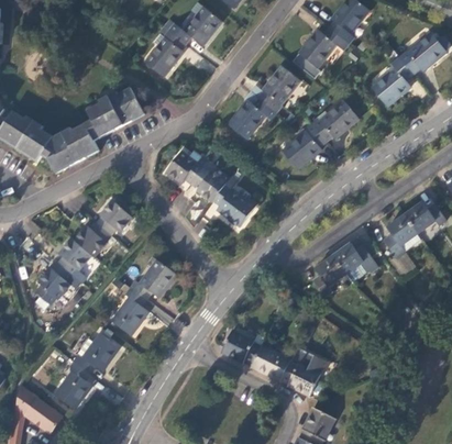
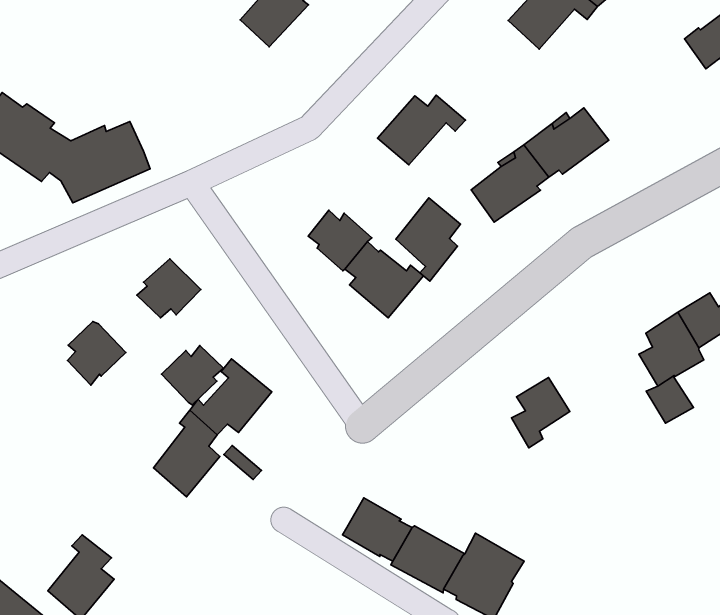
building: [372,57,412,107] -> none
building: [260,66,300,111] -> none
building: [86,87,144,140] -> none
building: [166,151,202,182] -> none
building: none -> [396,198,461,281]
building: [75,222,110,256] -> [161,345,223,405]
building: [333,243,375,274] -> none
building: [37,262,73,299] -> none
building: [73,332,120,373] -> none

